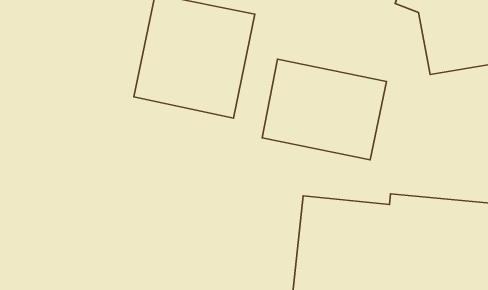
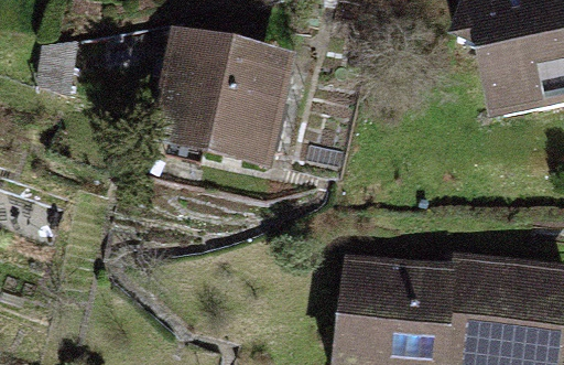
building: [262,59,386,160] -> none

